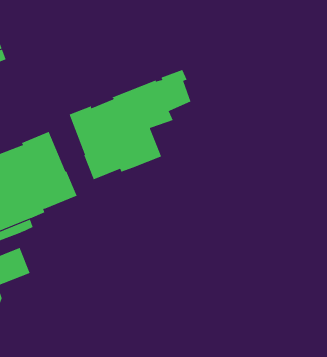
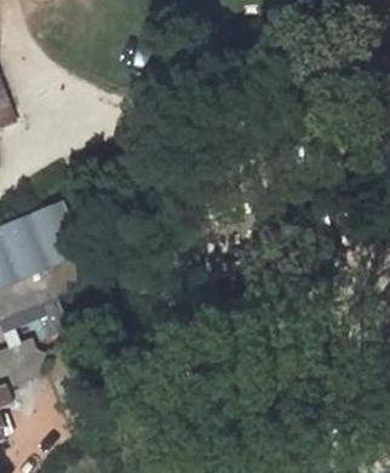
building: [69,69,191,180] -> none

